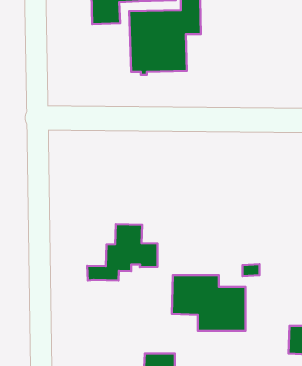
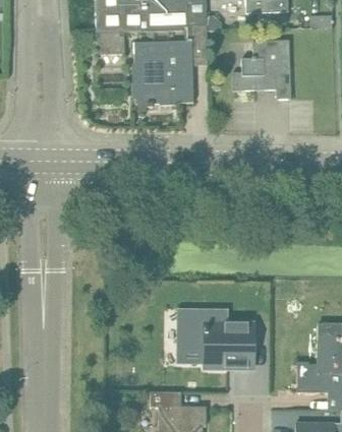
building: none -> [231,40,290,99]
building: [87,224,158,281] -> none

